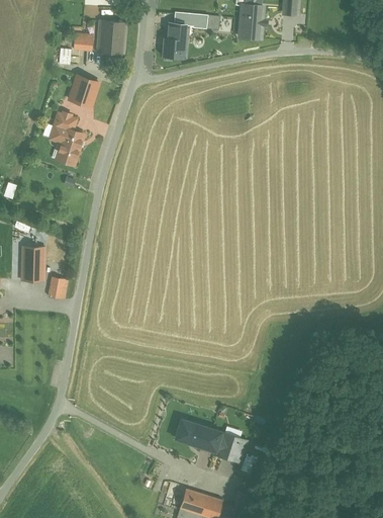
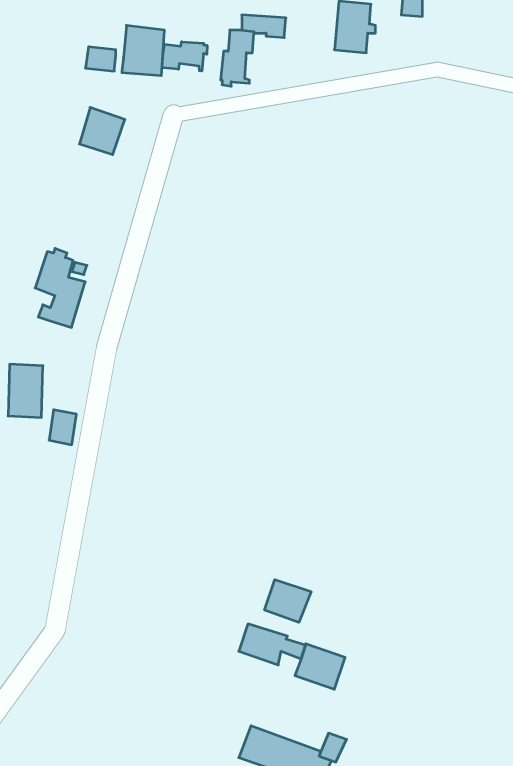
building: none -> [162,42,207,71]
building: [50,111,83,164] -> [35,248,85,327]
building: none -> [265,580,311,622]

